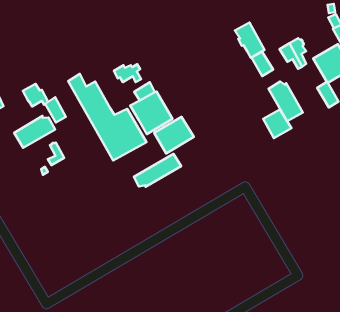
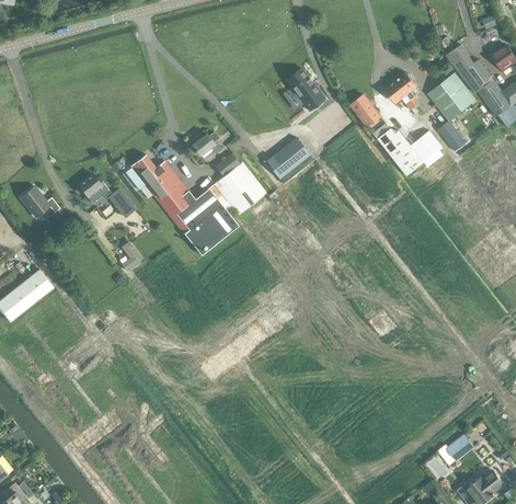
building: [235,23,265,58] -> [285,68,324,111]
building: [263,109,292,138] -> [411,130,447,167]
building: [14,116,55,148] -> none
building: [154,117,194,153] -> [265,137,314,184]
building: [134,154,181,187] -> none

